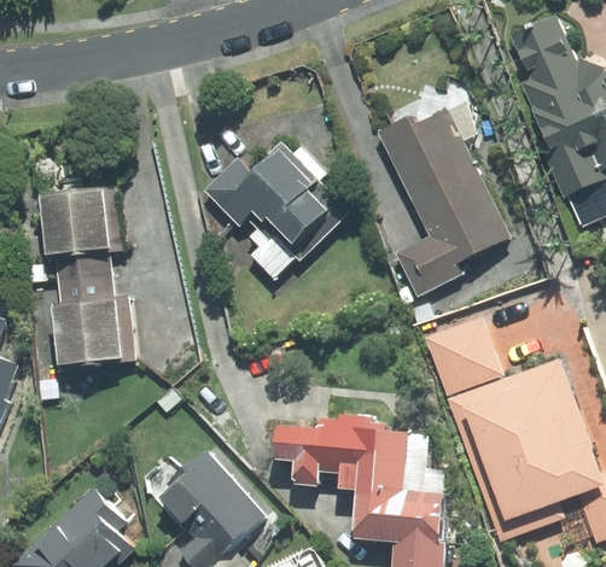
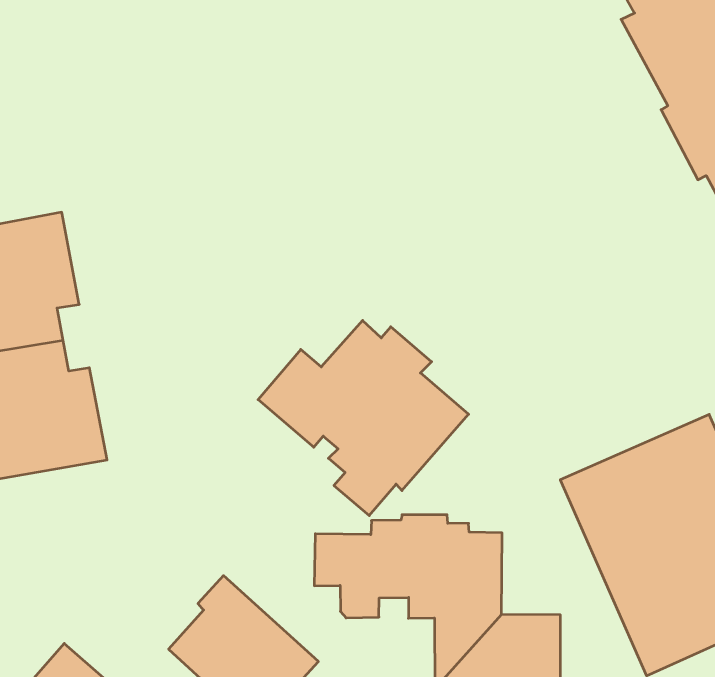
building: [378,110,509,296] -> none
building: [203,141,349,277] -> [258,320,469,516]
building: [426,318,501,393] -> none

